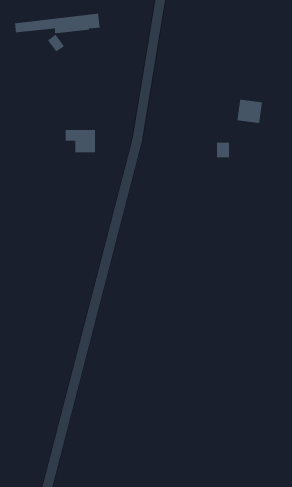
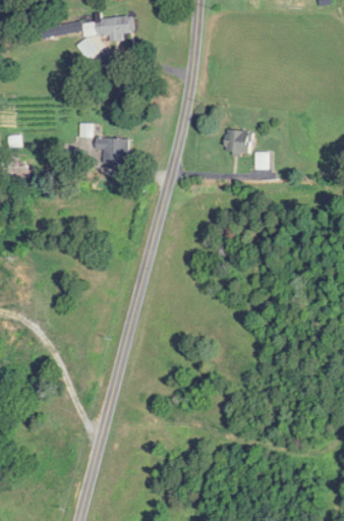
building: [237,99,263,123] -> [223,128,250,154]

